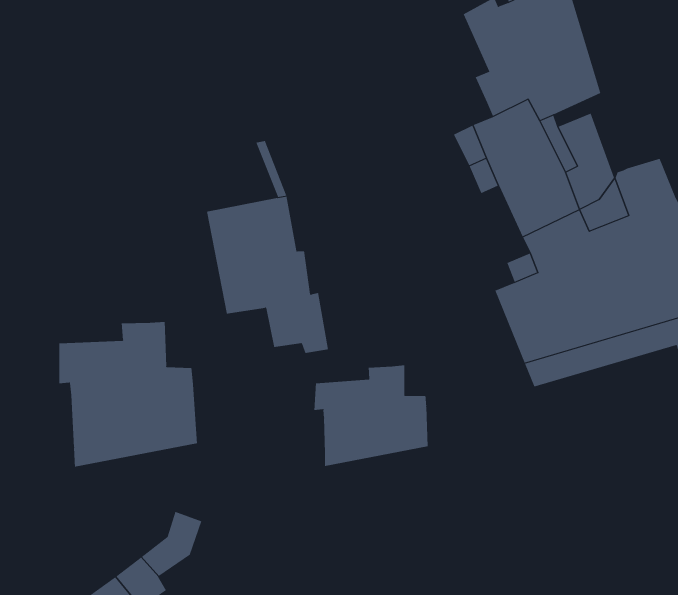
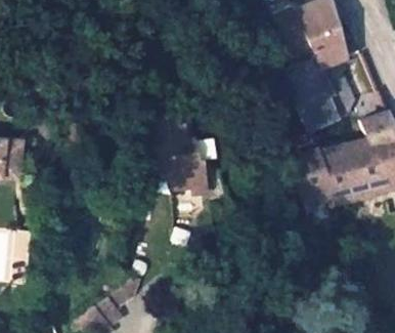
building: [59,321,198,468] -> none
building: [314,365,428,467] -> none

